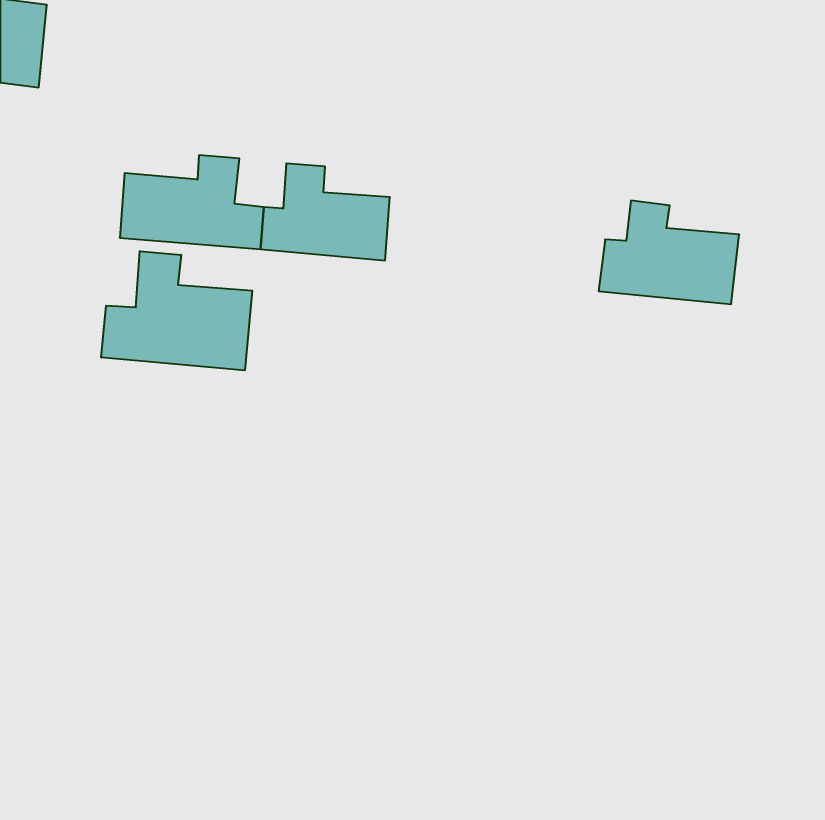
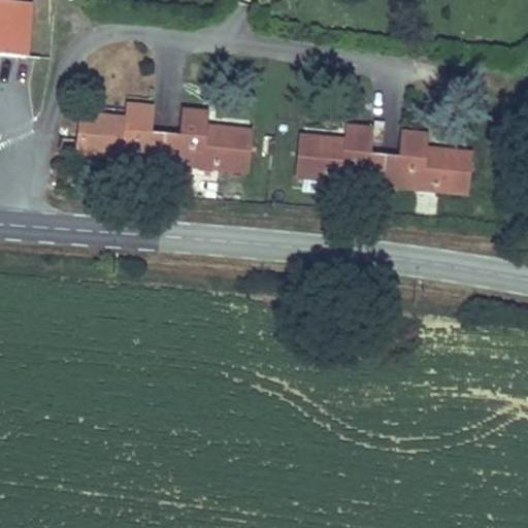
building: none -> [296,122,387,186]
building: [101,251,252,370] -> none

